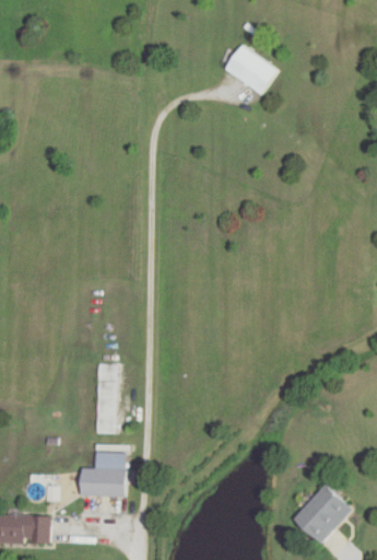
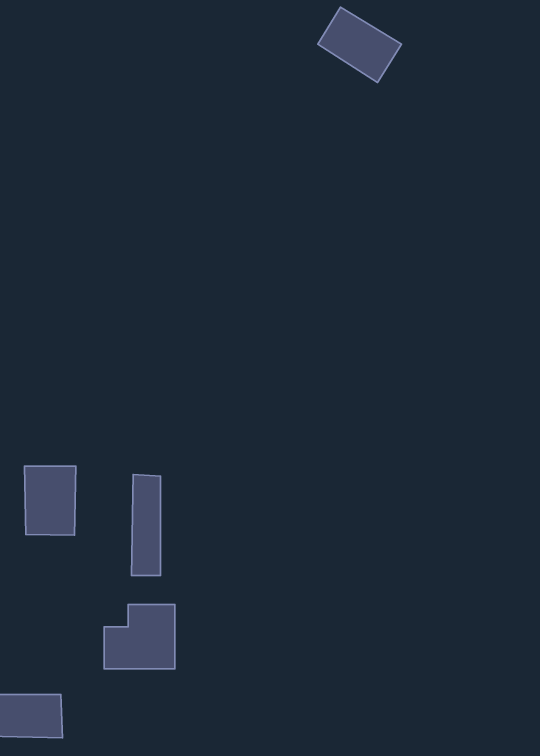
building: none -> [24,466,76,535]
building: [292,483,352,544] -> none

